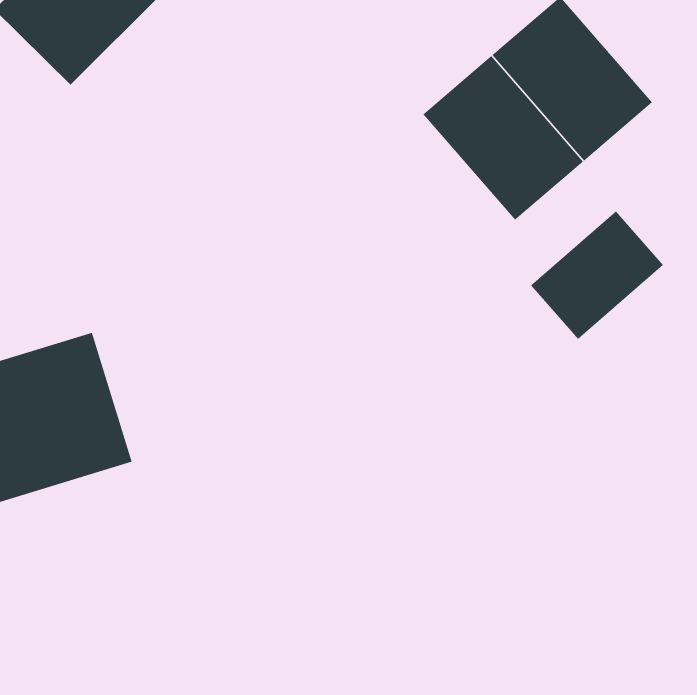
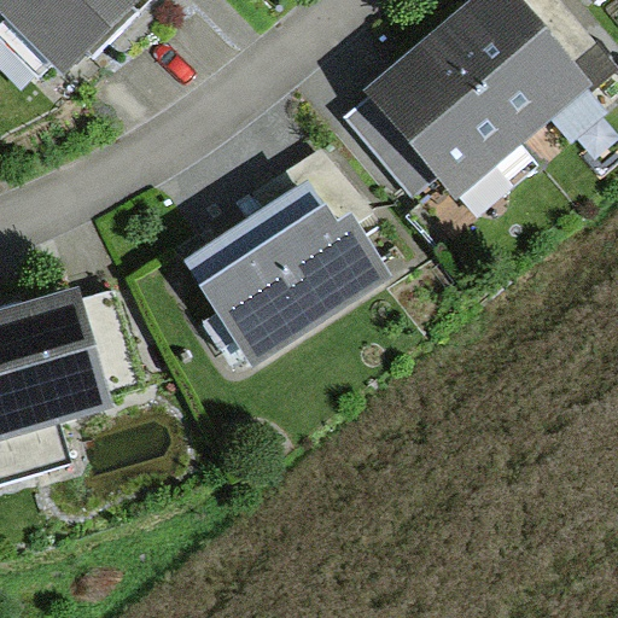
building: none -> [186,150,391,363]
building: [530,211,664,340] -> none

